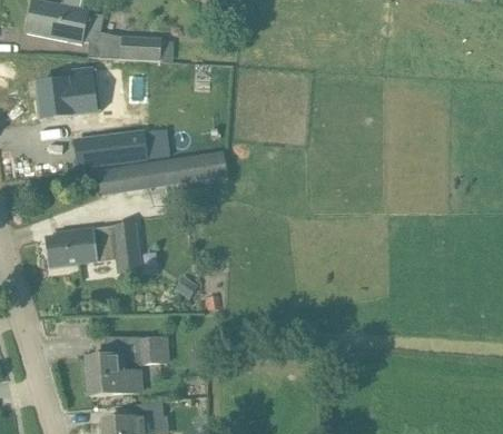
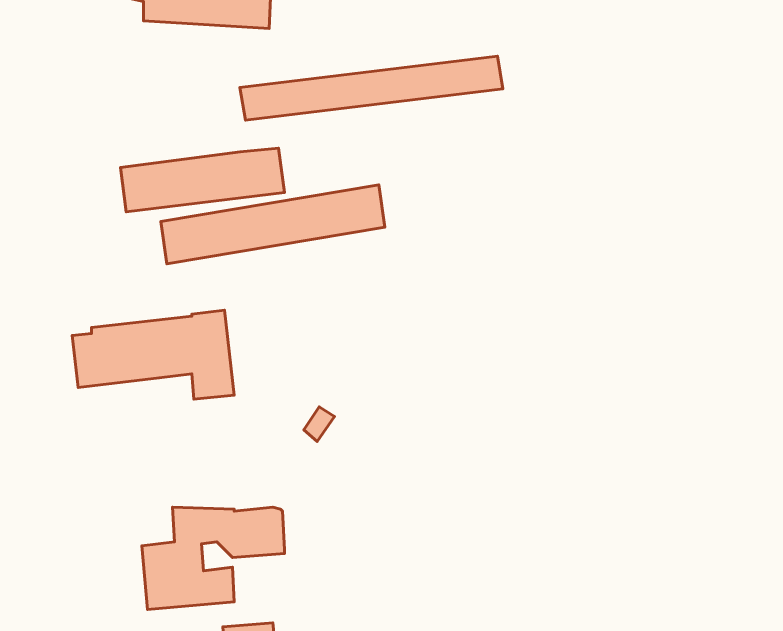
building: [38,68,101,117] -> none
building: none -> [240,56,503,120]

